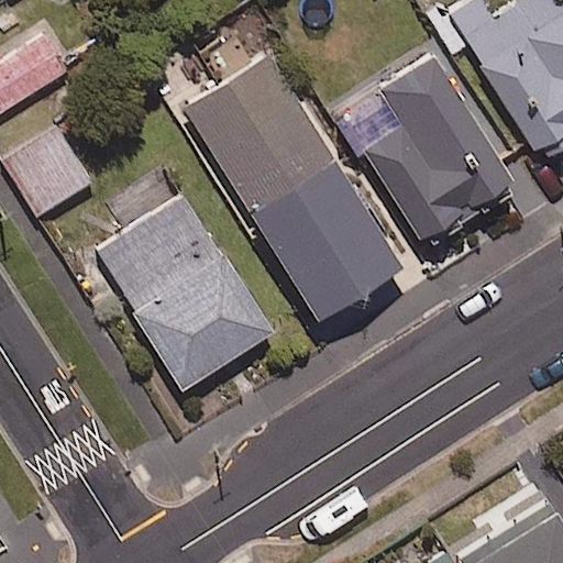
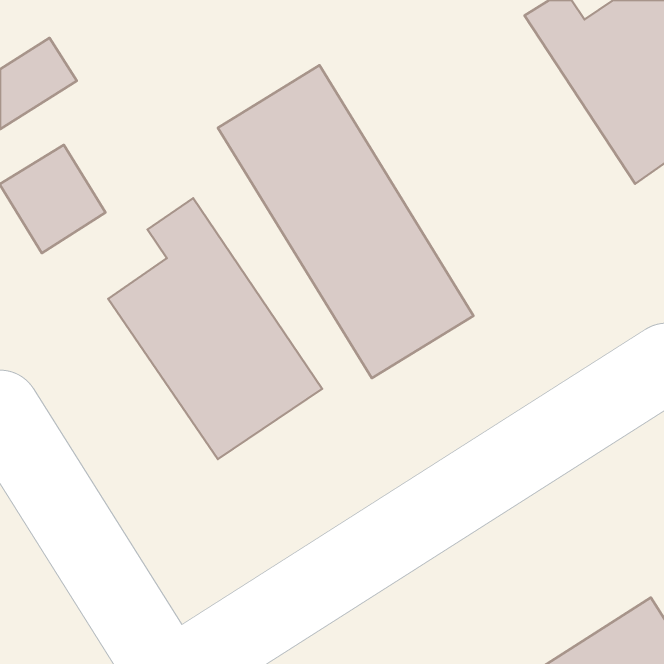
building: [365,55,517,244] -> none

